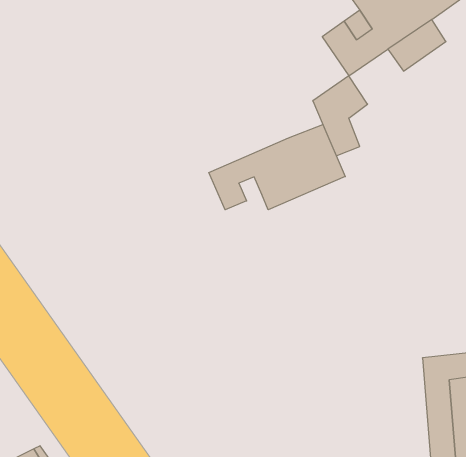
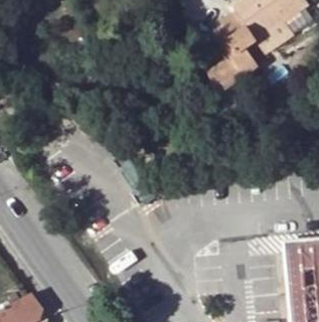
building: [209,124,345,210] -> none

